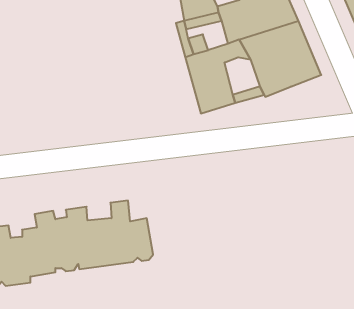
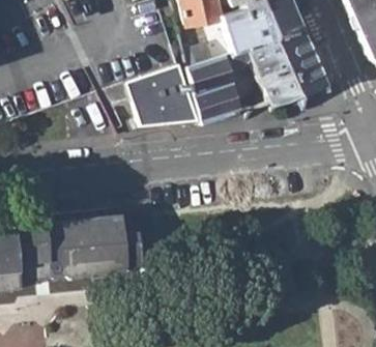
building: none -> [125,66,200,127]

